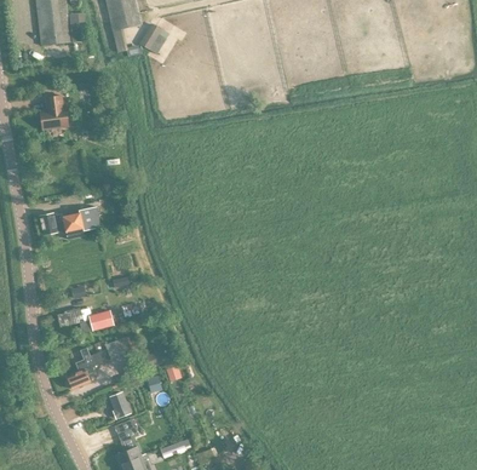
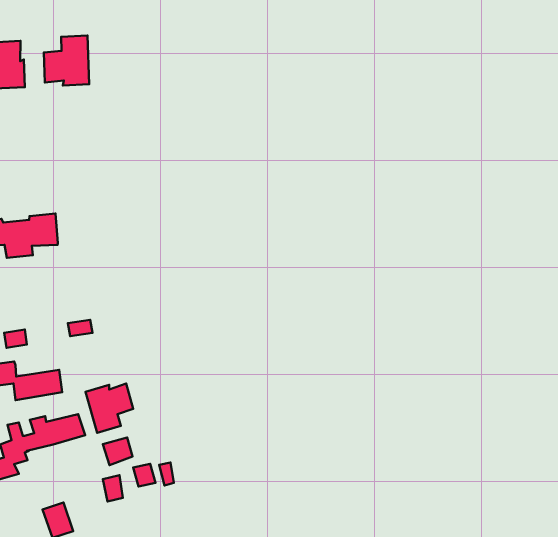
building: none -> [44,36,89,86]
building: none -> [86,383,133,433]

